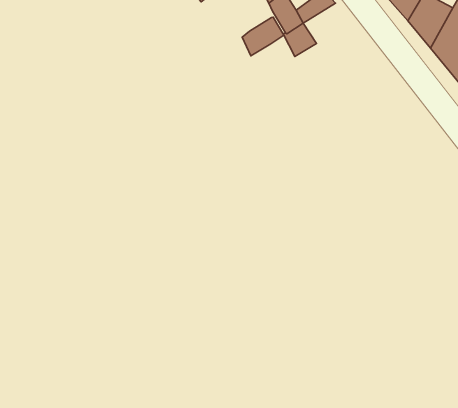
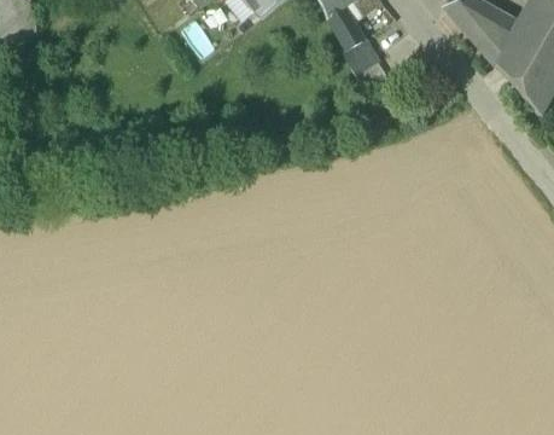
building: [242,17,284,56] -> none

